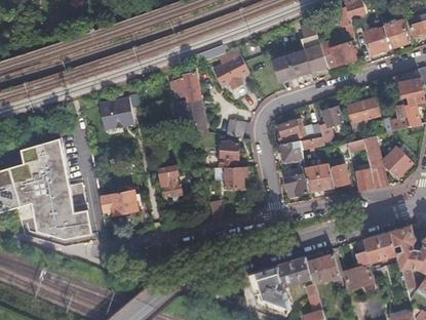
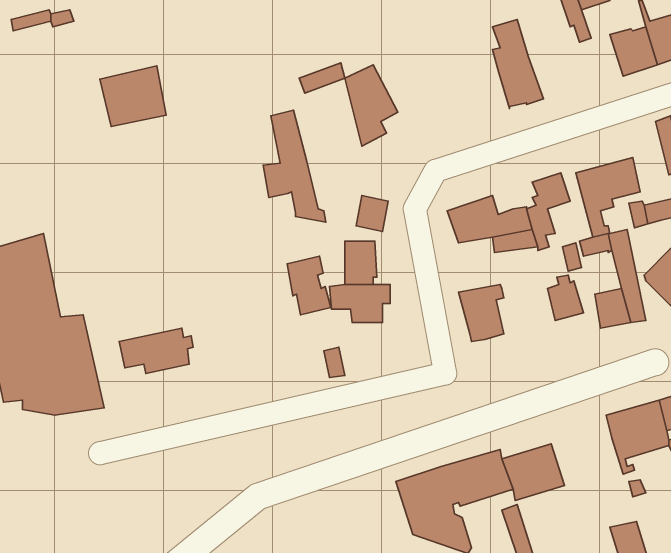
building: [320,42,358,69] -> none
building: [274,51,310,81] -> none
building: [96,97,132,130] -> [100,66,166,127]
building: [280,142,304,164] -> none
building: [306,162,337,194] -> none
building: [158,166,182,198] -> [287,256,331,315]
building: [344,250,373,289] -> none

